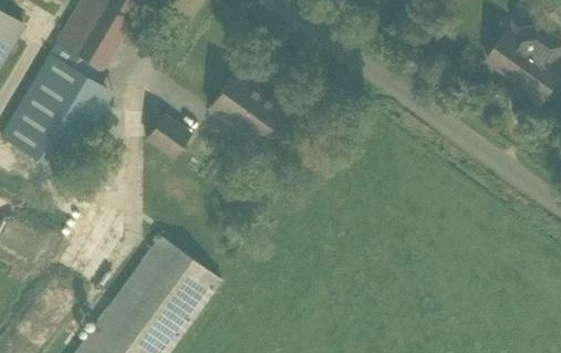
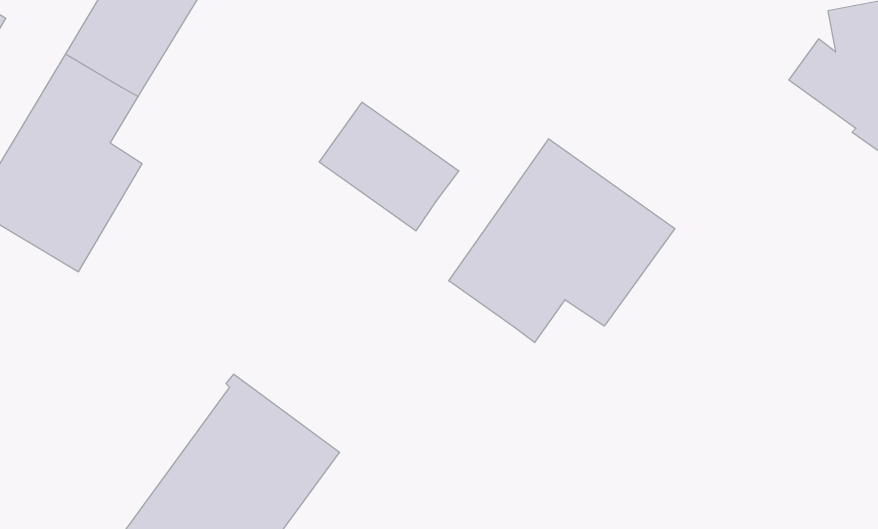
building: none -> [449,139,675,343]
building: [145,116,189,159] -> none

